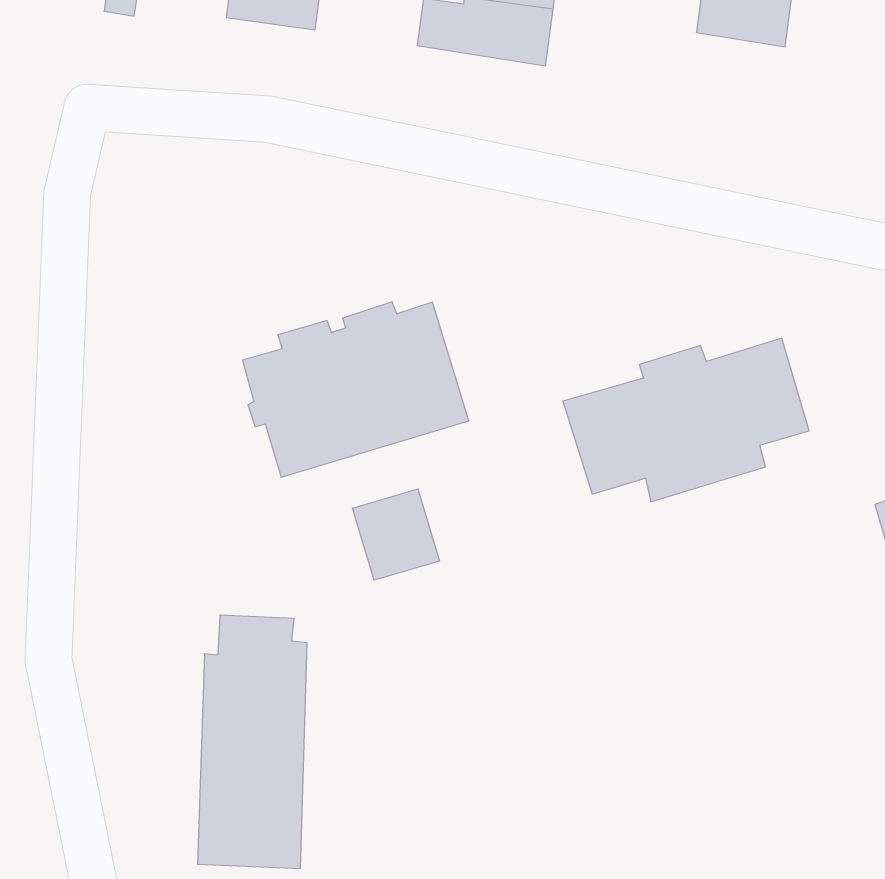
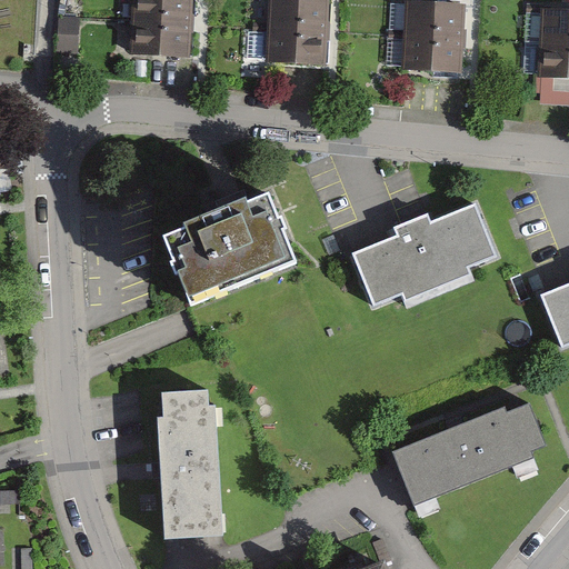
building: none -> [406,30,460,64]
building: [352,489,440,580] -> none
building: none -> [389,403,547,507]

